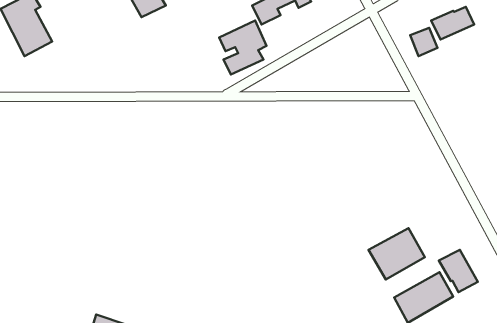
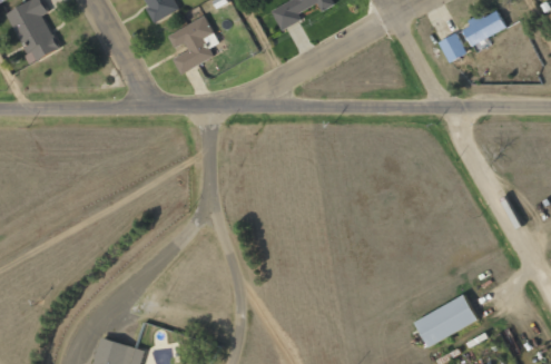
building: [219,21,267,74] -> [166,17,216,73]
building: [368,228,425,280] -> none
building: [439,250,478,292] -> none

